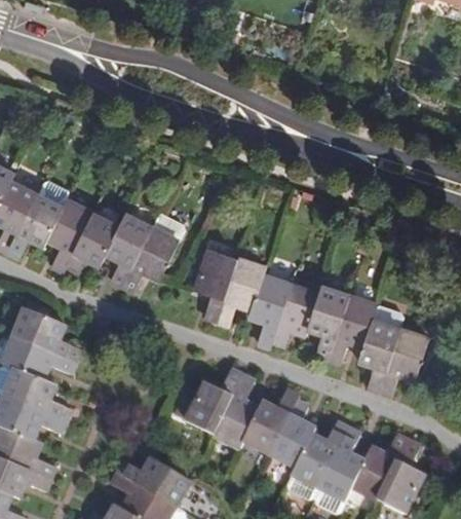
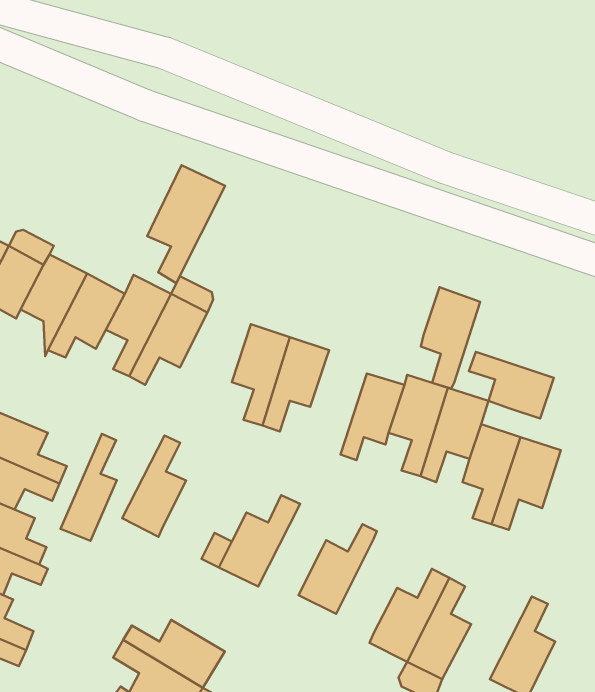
building: none -> [147,165,225,283]
building: none -> [469,352,554,419]
building: [249,273,292,345] -> [421,287,480,389]
building: none -> [61,434,117,541]
building: [215,376,260,448] -> [122,435,186,537]
building: [270,401,316,468] -> none
building: [352,435,409,501] -> none

